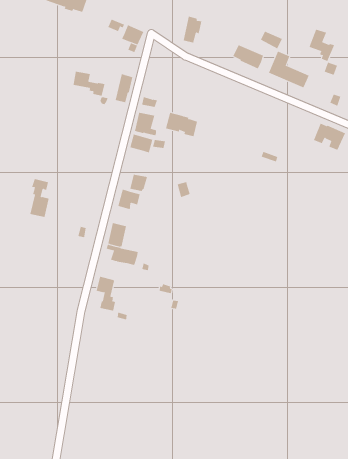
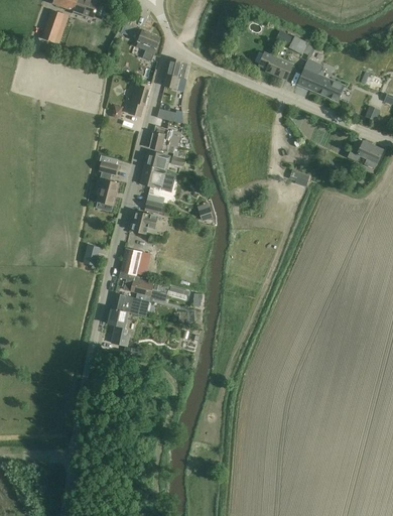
building: none -> [42,8,70,43]
building: [183,16,202,43] -> [165,57,186,88]
building: [308,29,335,62] -> none
building: [72,71,105,97] -> none
building: [165,112,198,137] -> [140,164,176,191]
building: [30,178,50,218] -> [97,160,119,204]
building: none -> [112,292,150,315]

